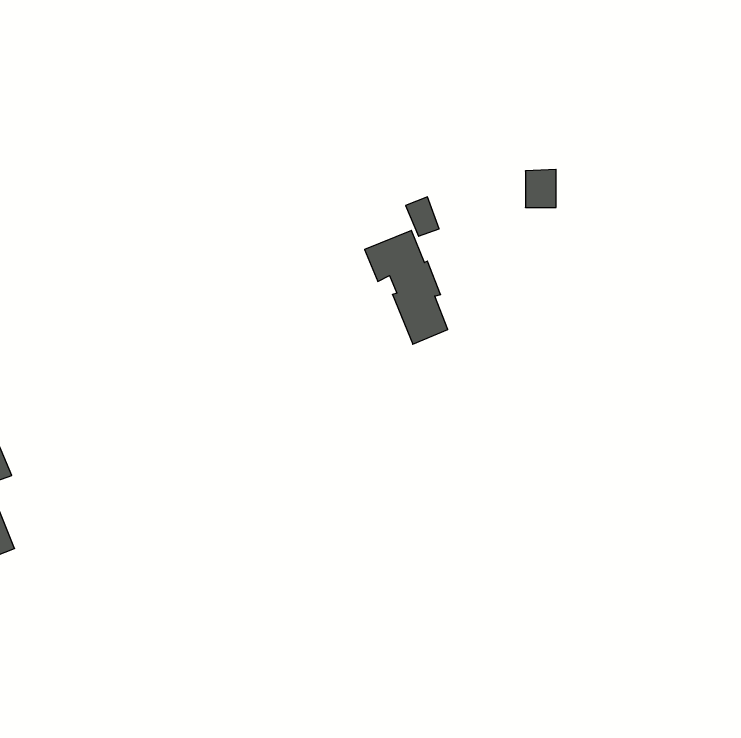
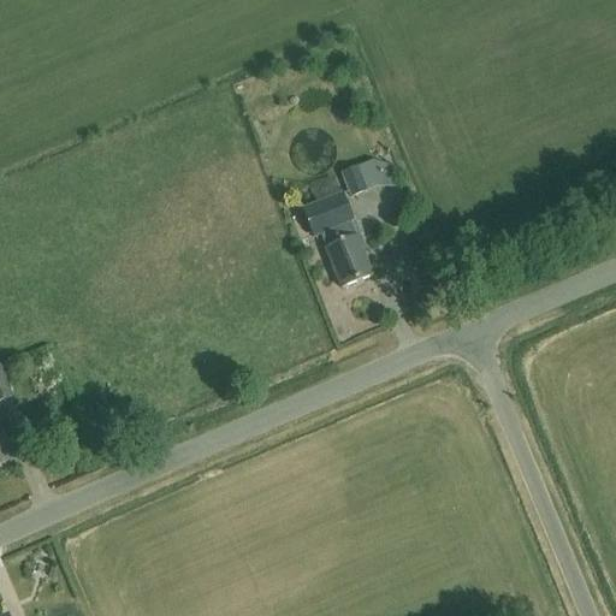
building: [525,169,556,207] -> [365,159,390,190]

